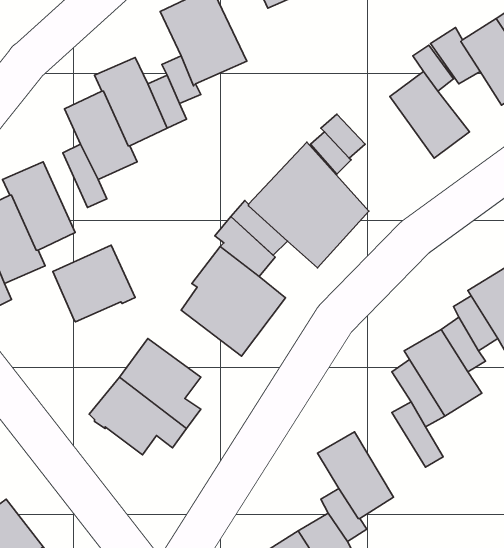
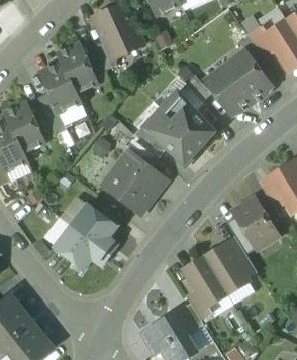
building: none -> [205,66,251,115]
building: [53,245,135,322] -> none
building: none -> [205,244,249,294]

